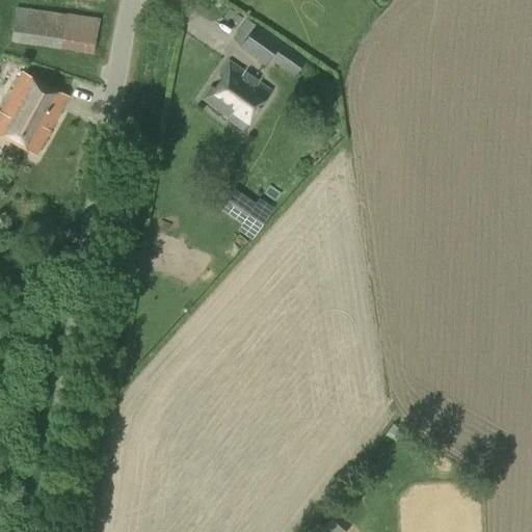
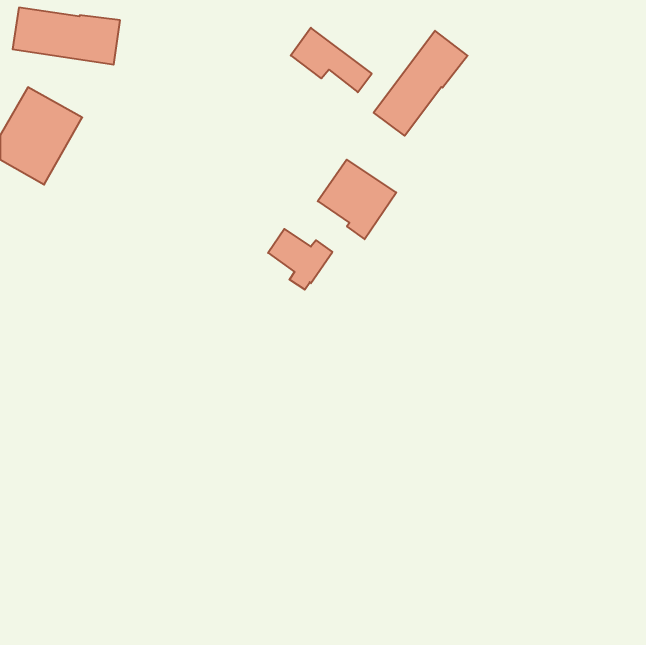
building: none -> [374,31,468,136]
building: [206,62,270,128] -> [318,160,396,239]

